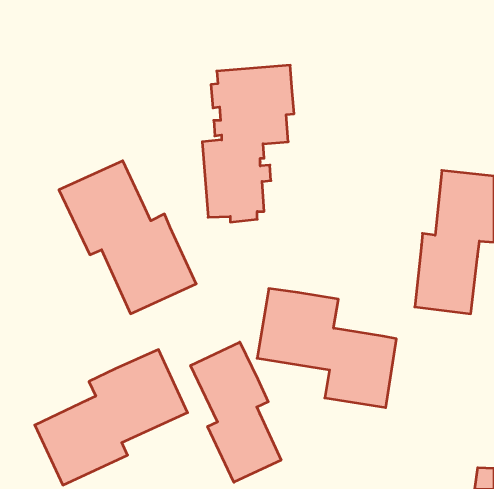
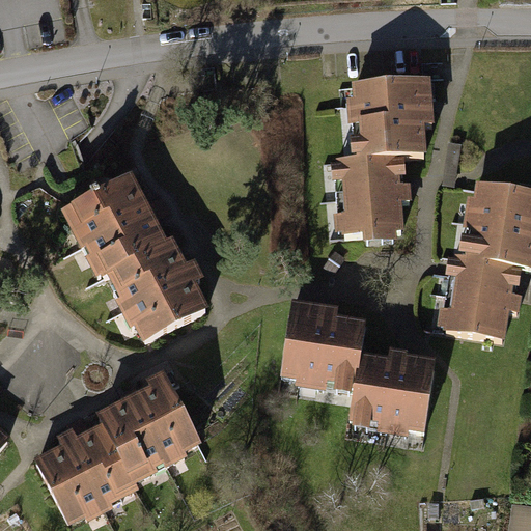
building: [202,65,294,222] -> [336,74,435,242]
building: [191,342,281,482] -> none

